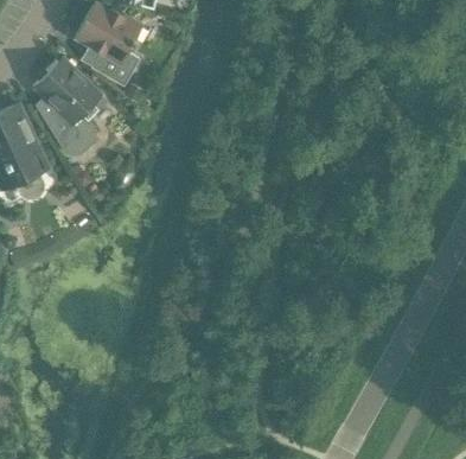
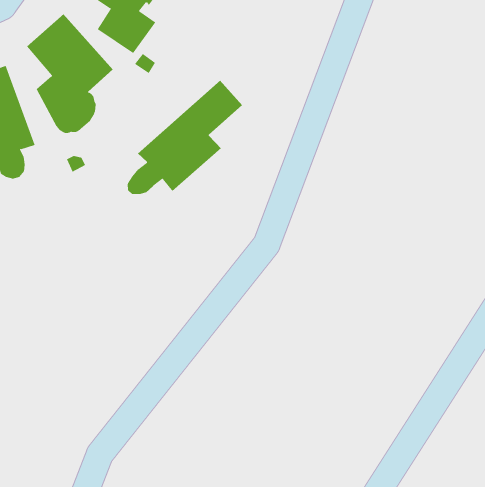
building: none -> [127,80,243,195]

